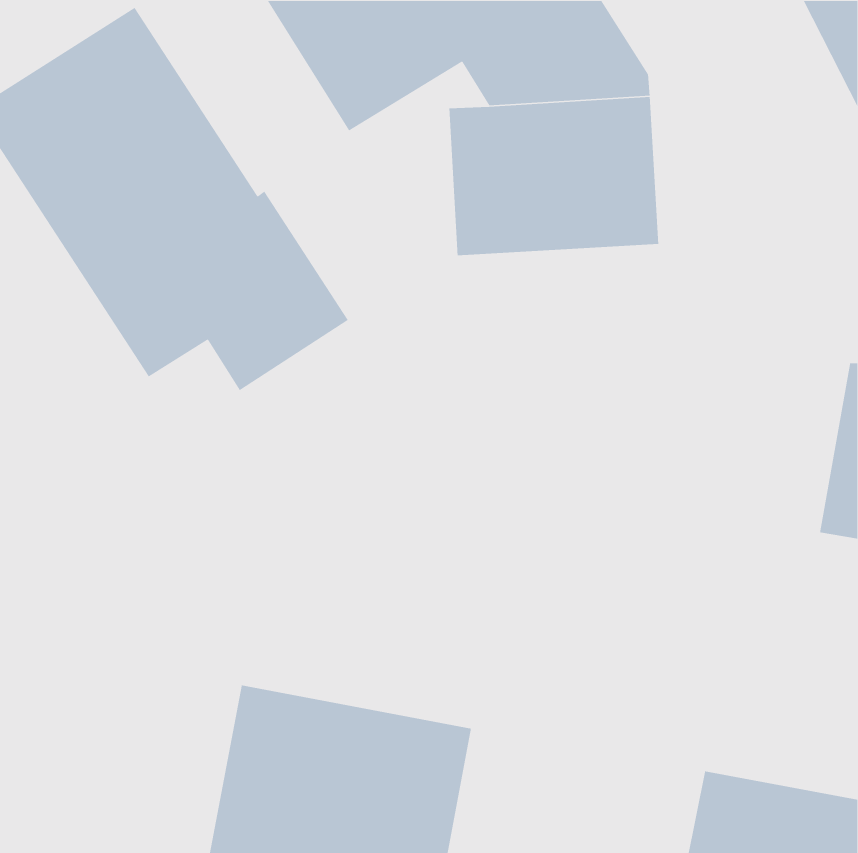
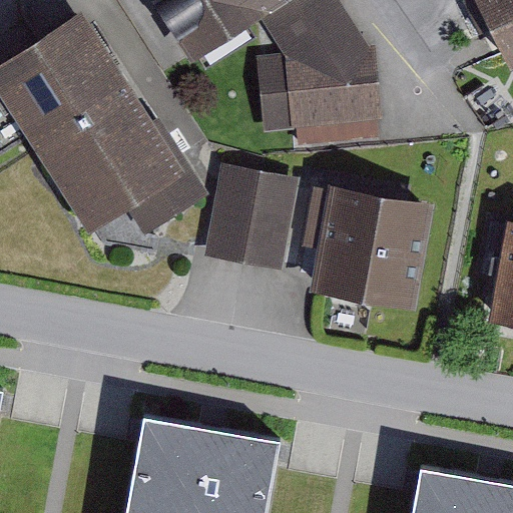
building: none -> [202,165,299,273]
building: none -> [301,183,433,312]

